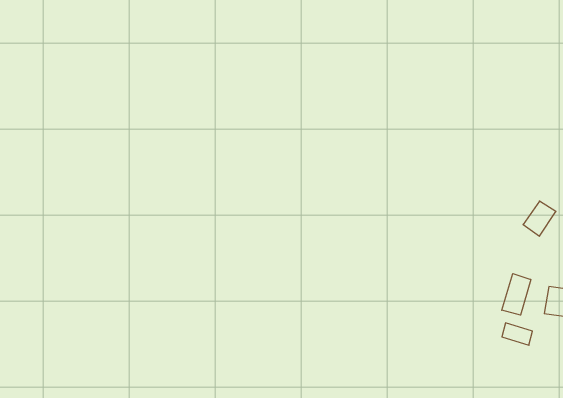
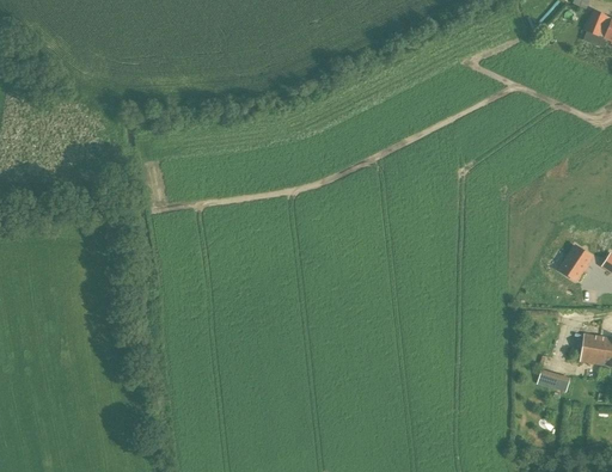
building: [502,274,531,315] -> none

